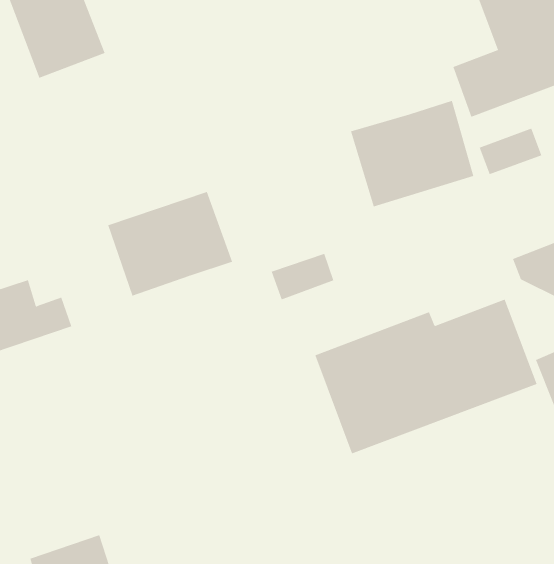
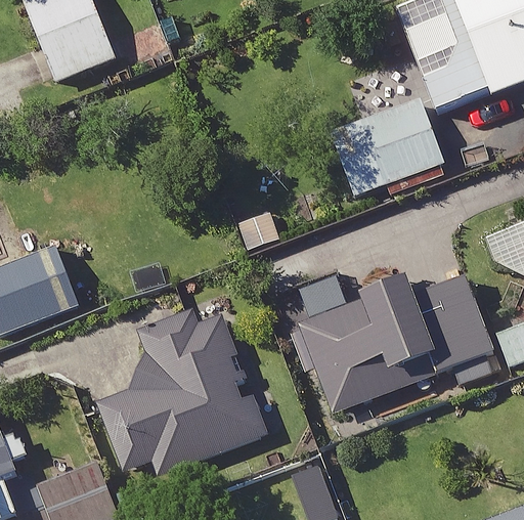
building: [107,191,233,297] -> none
building: none -> [98,308,269,471]

